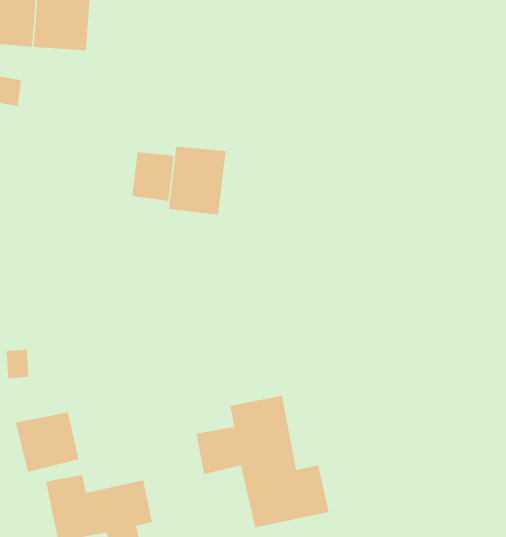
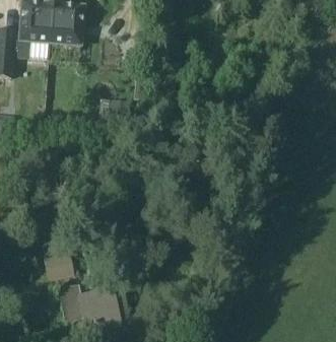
building: [168,146,226,216] -> none
building: [196,395,329,528] -> none

